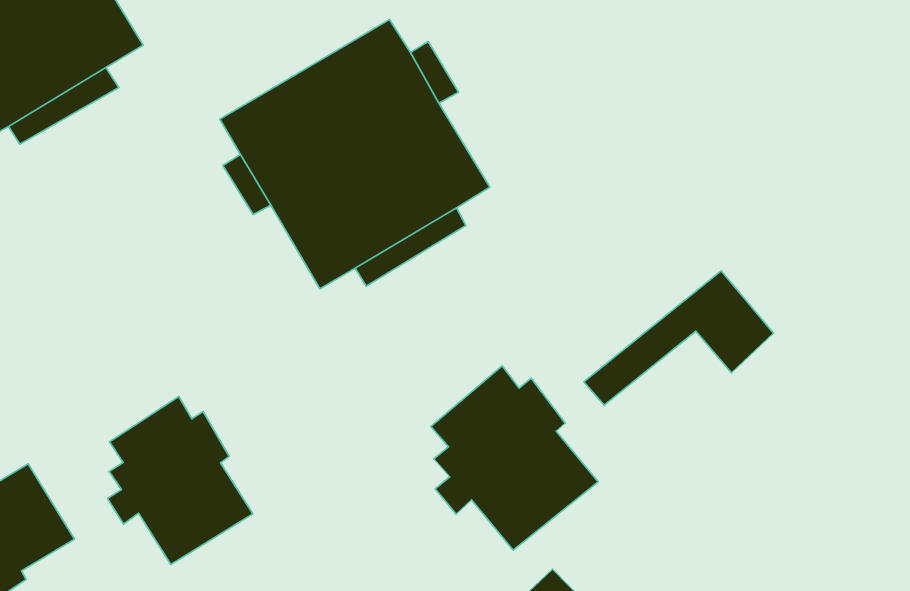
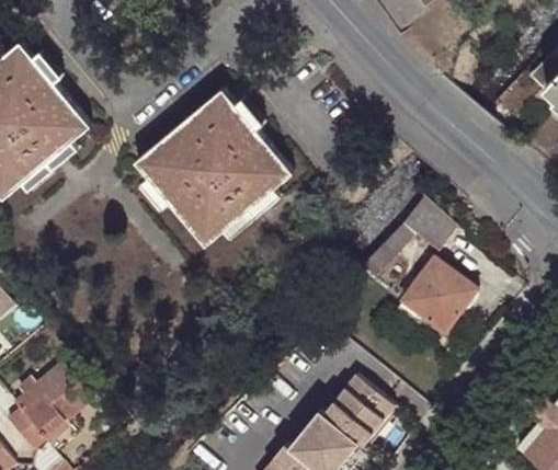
building: [431,366,598,550] -> none
building: none -> [399,257,475,333]
building: [107,396,253,564] -> none

